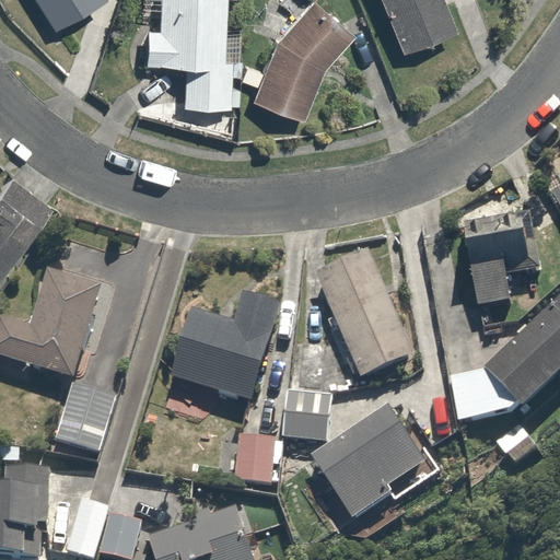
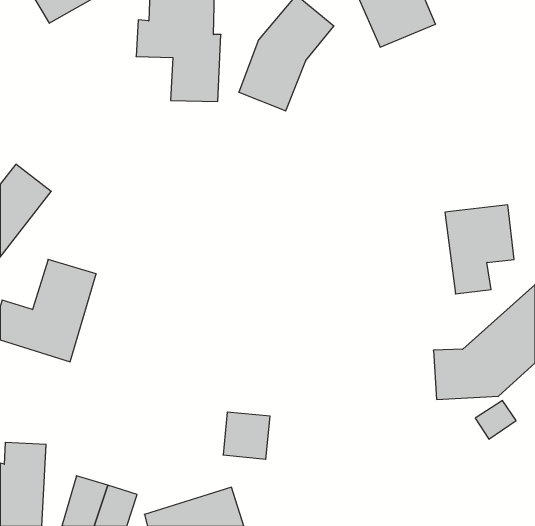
building: [316,254,415,381] -> none
building: [172,293,284,405] -> none
building: [55,376,117,452] -> none
building: [284,388,331,442] -> none
building: [311,407,434,523] -> none

